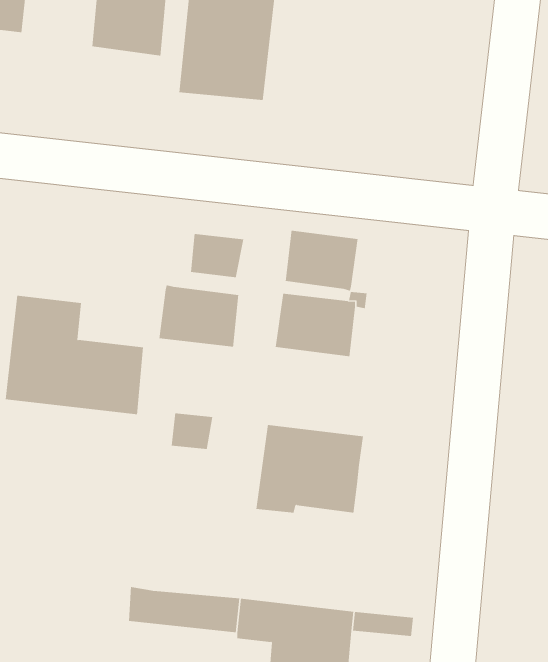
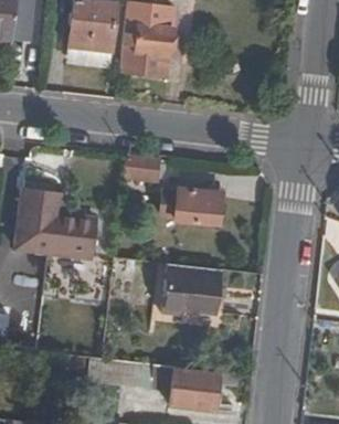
building: [285,230,358,291] -> none
building: [159,284,239,348] -> none

